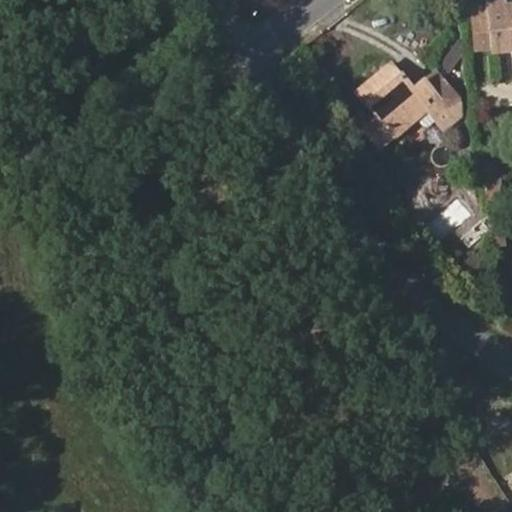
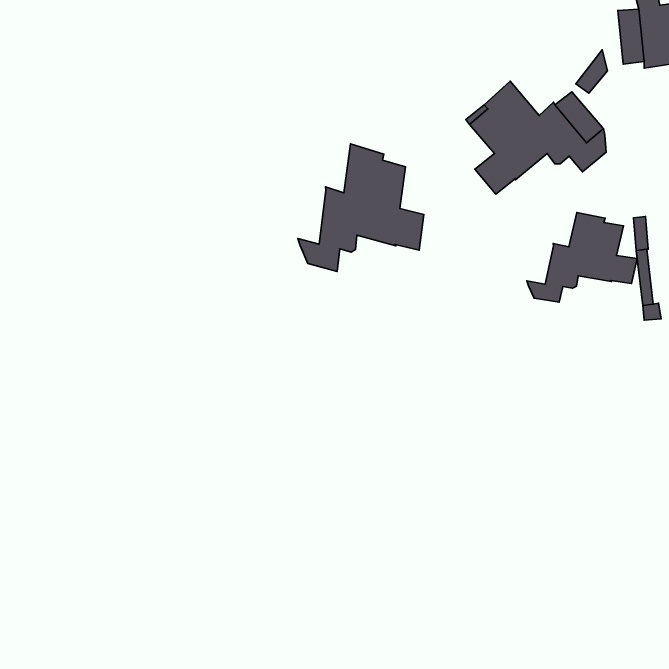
building: none -> [298,144,424,271]
building: none -> [527,212,637,302]

